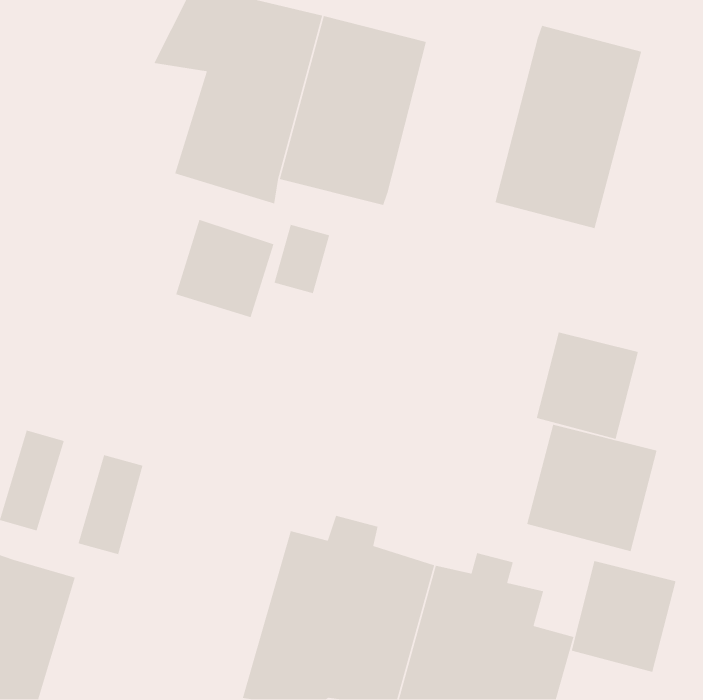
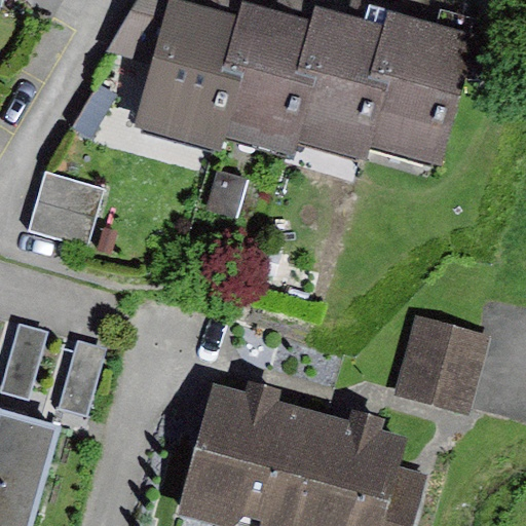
building: none -> [289,8,400,164]
building: [175,219,275,318] -> [27,168,101,242]
building: [536,331,639,440] -> none
building: [571,560,677,673] -> none

